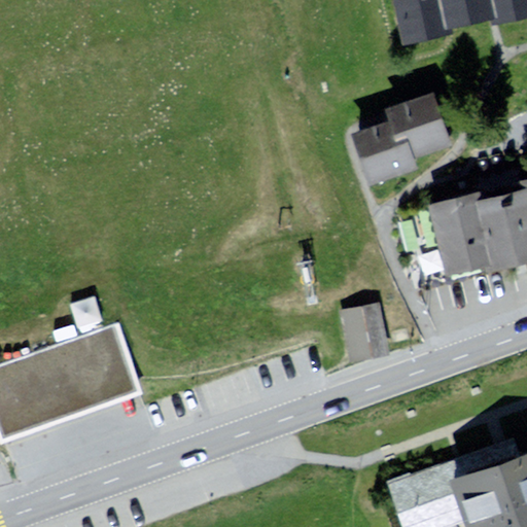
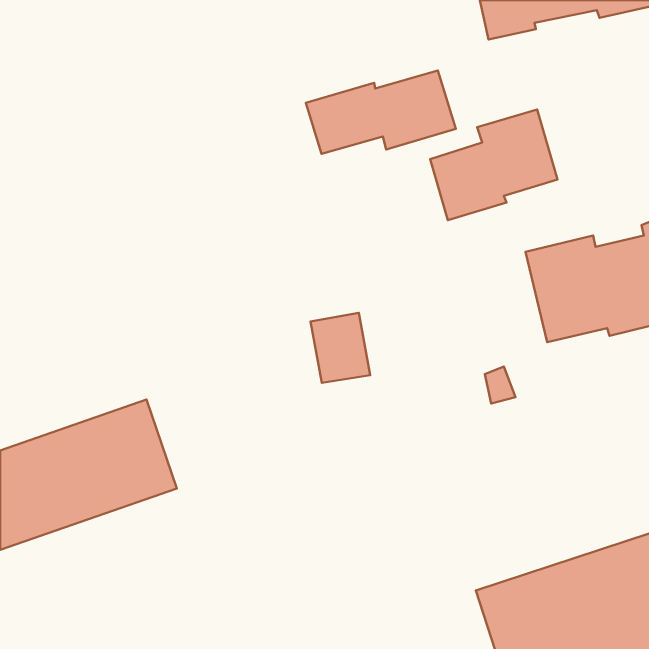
building: none -> [306,70,456,154]
building: [341,304,389,360] -> [311,313,370,383]

